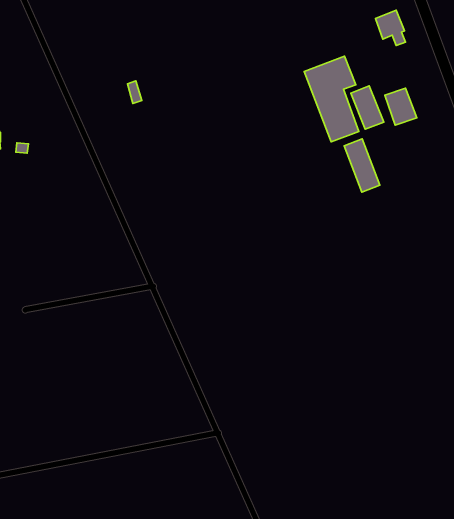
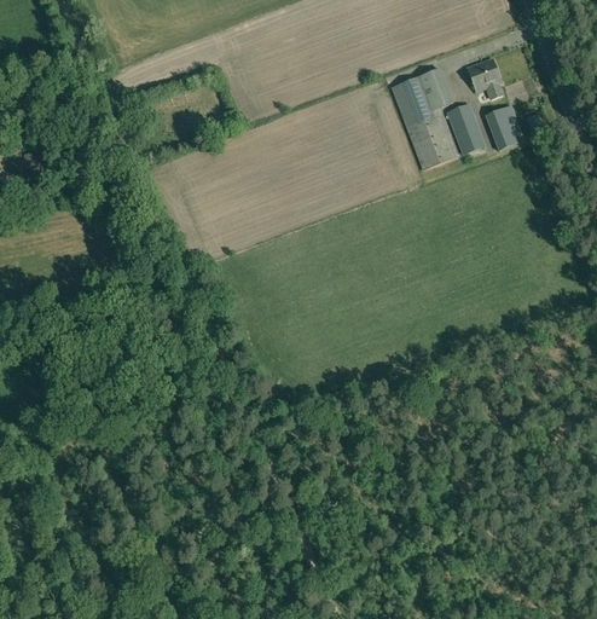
building: [376,10,406,45] -> [466,58,502,99]
building: [344,139,380,192] -> none

